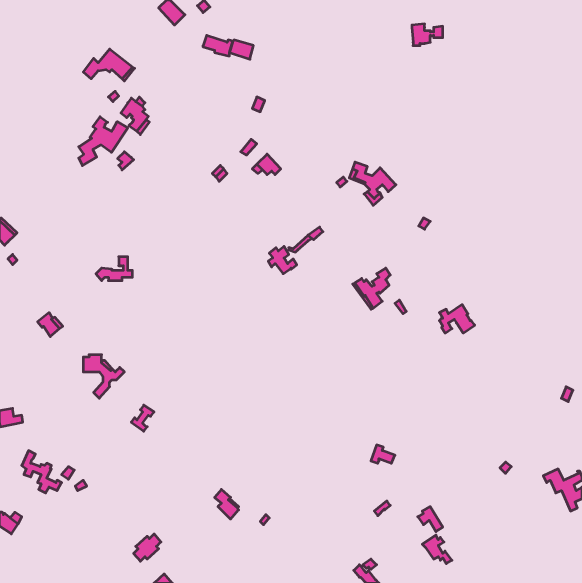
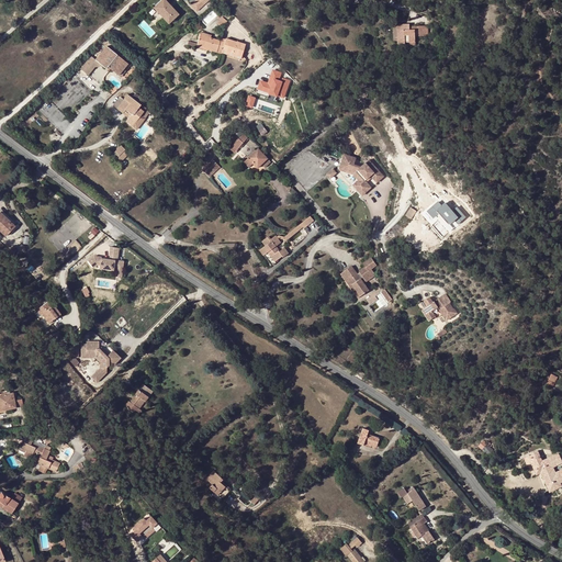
building: none -> [256,69,289,98]
building: [79,117,128,166] -> none
building: none -> [420,201,464,228]

